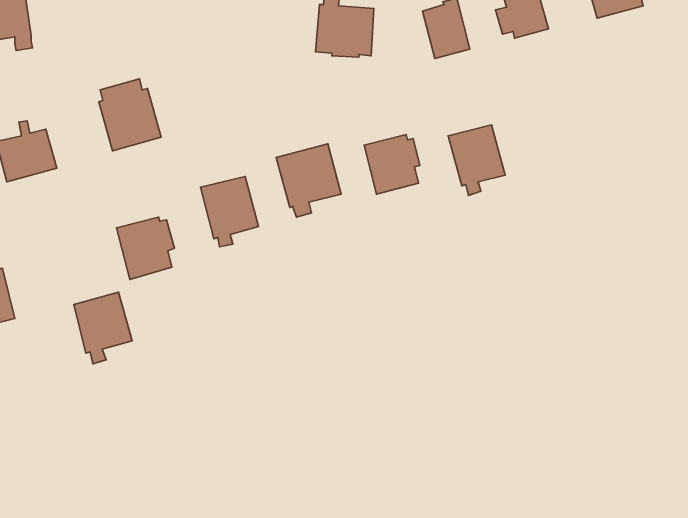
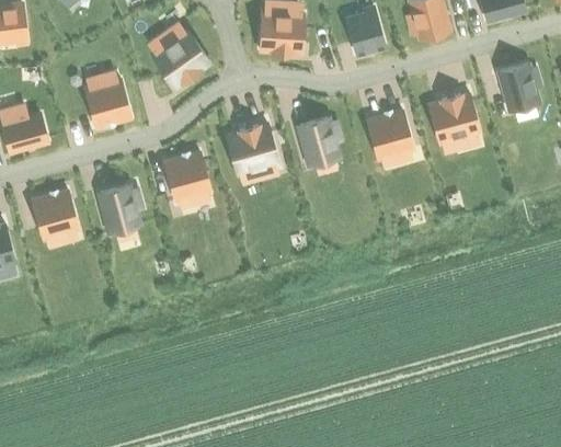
building: none -> [148,22,210,85]
building: none -> [494,57,543,105]
building: none -> [427,91,478,151]
building: [74,292,132,364] -> [32,188,79,247]

